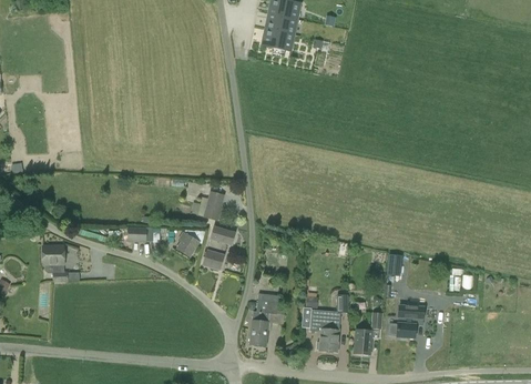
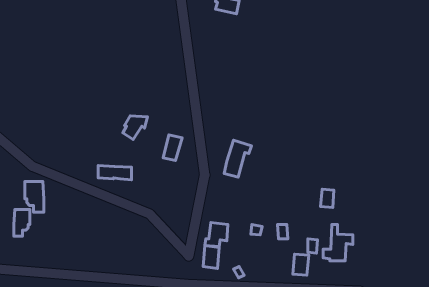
building: [203,226,235,270] -> [224,140,252,177]
building: [176,230,205,257] -> [123,116,147,140]
building: none -> [14,209,30,236]
building: [310,317,339,352] -> none

